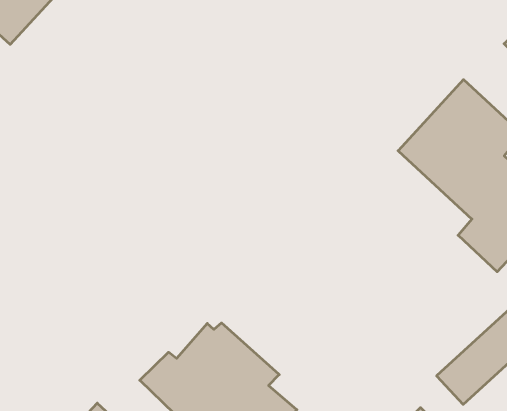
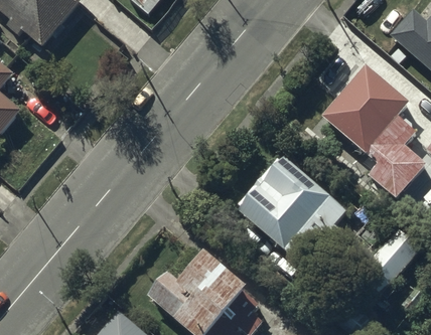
building: none -> [237,152,346,261]

